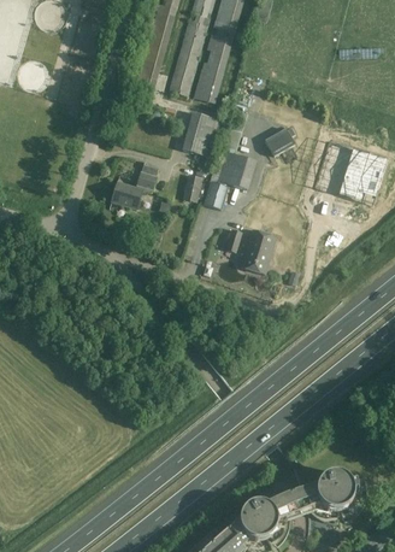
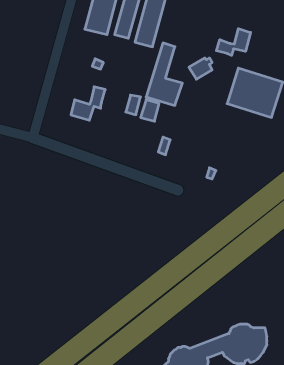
building: none -> [216,29,251,55]
building: [179,110,219,155] -> none
building: [238,229,272,272] -> none

